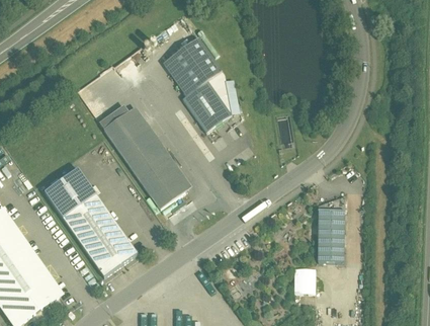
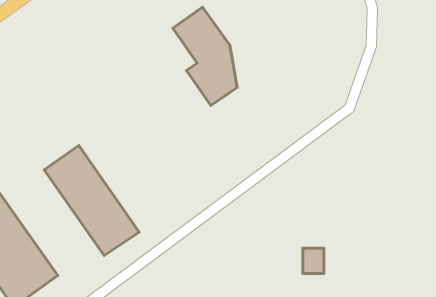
building: [103,110,184,208] -> none
building: [317,209,344,261] -> none

